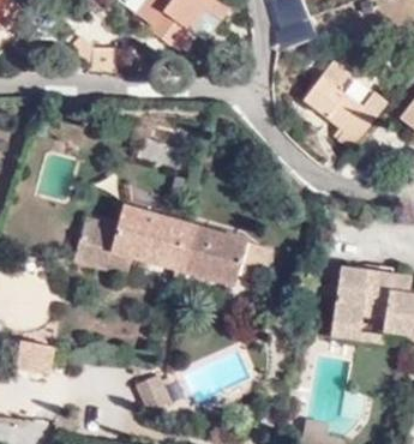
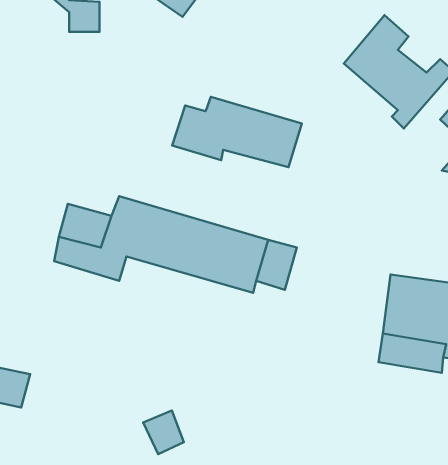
building: none -> [172,97,302,167]

